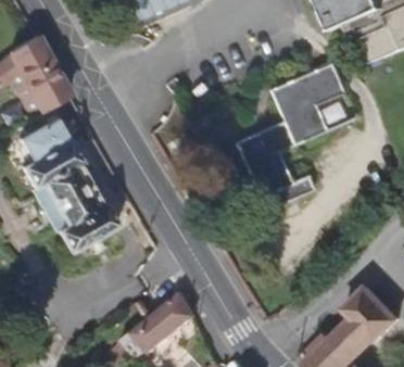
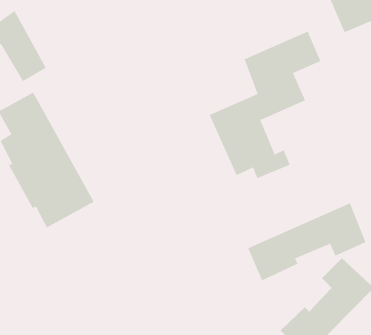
building: none -> [248,203,366,281]
building: [129,291,191,356] -> none

